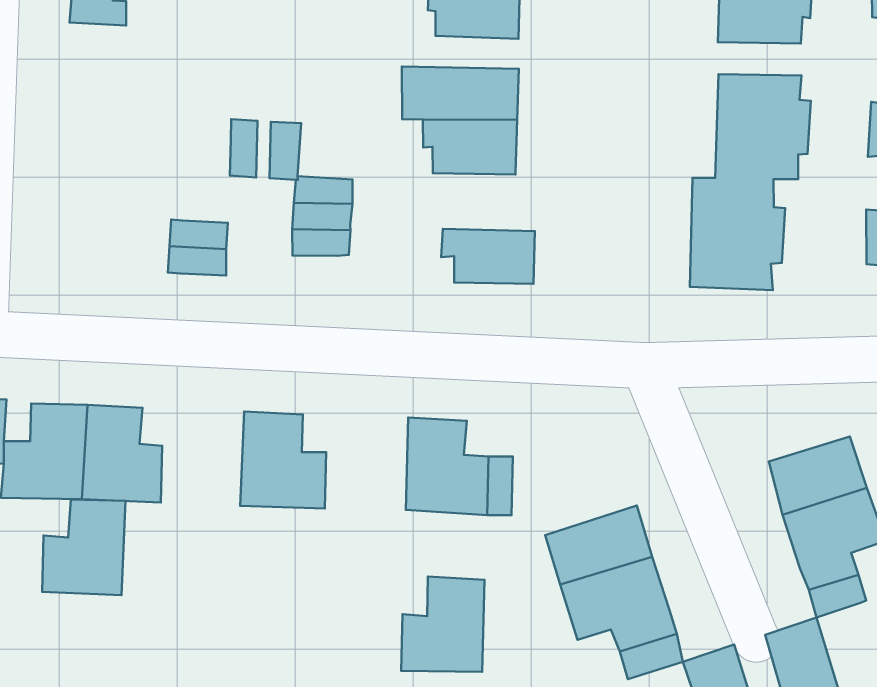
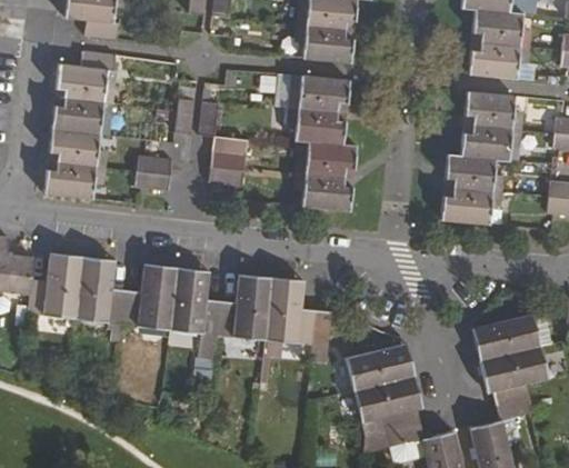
building: none -> [43,52,118,198]
building: none -> [298,140,356,178]
building: [42,500,126,595] -> [119,268,172,327]
building: [401,577,485,672] -> [216,278,269,337]

